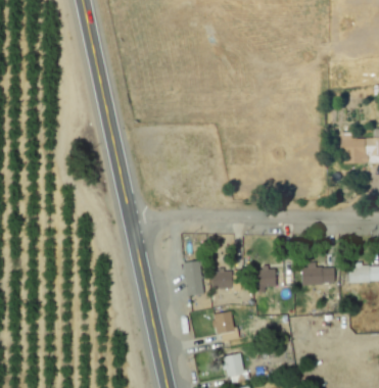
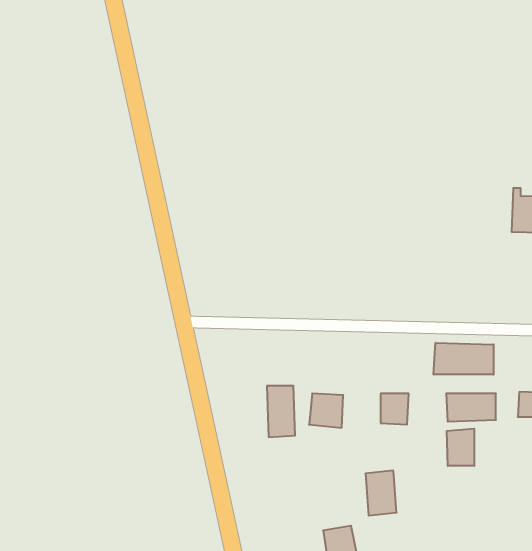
building: none -> [434,343,494,375]
building: none -> [447,429,474,466]
building: [214,311,234,341] -> [365,471,397,516]

